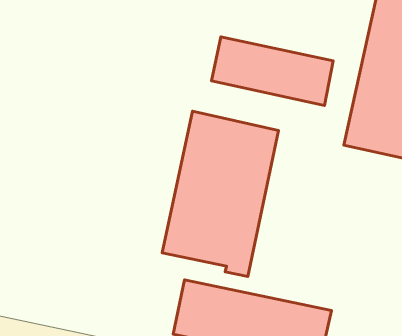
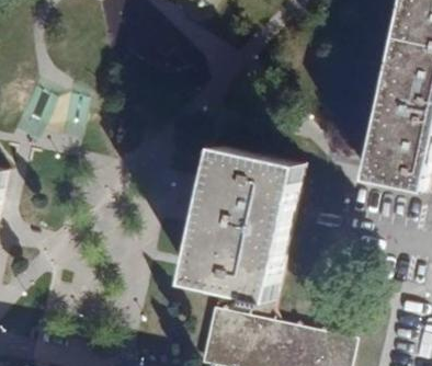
building: [211,37,333,105] -> none

